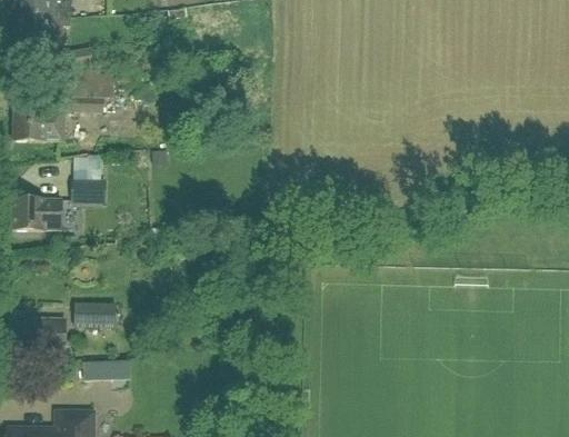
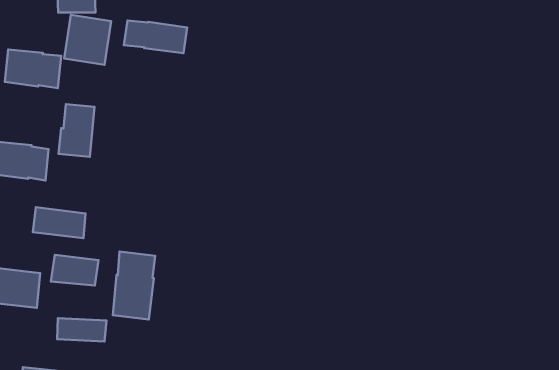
building: none -> [124,20,187,53]
building: none -> [33,207,85,238]
building: none -> [113,251,155,320]

